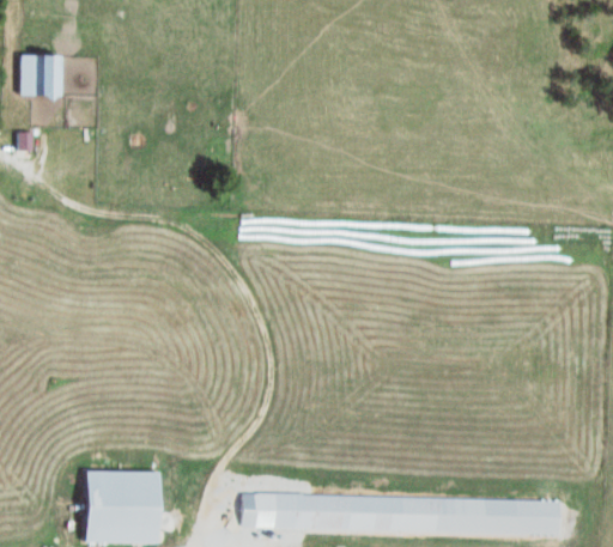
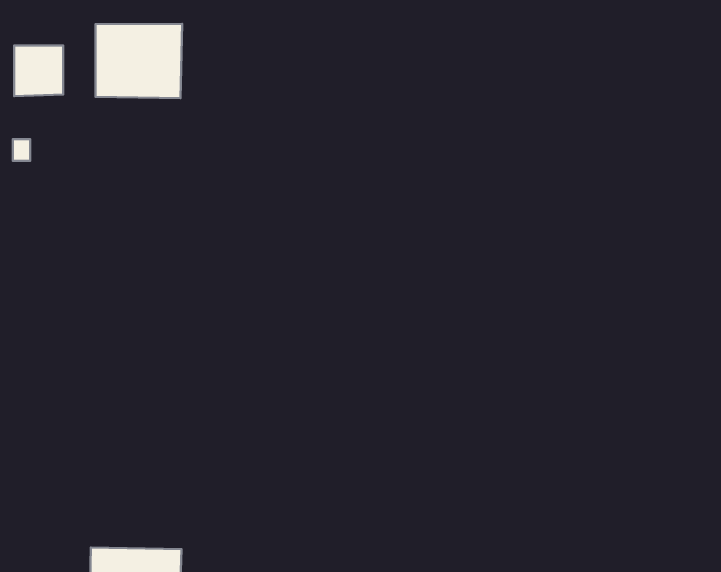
building: none -> [95,24,182,98]

